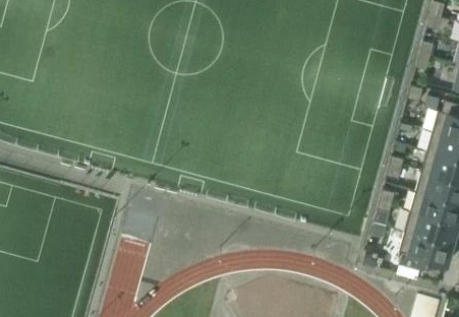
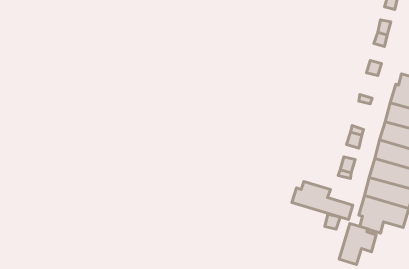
building: none -> [292,182,353,220]
building: none -> [339,223,376,264]

